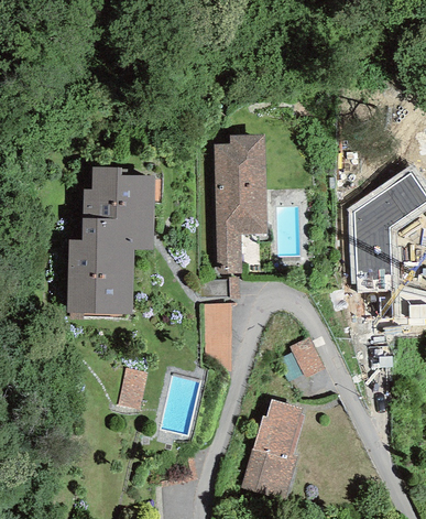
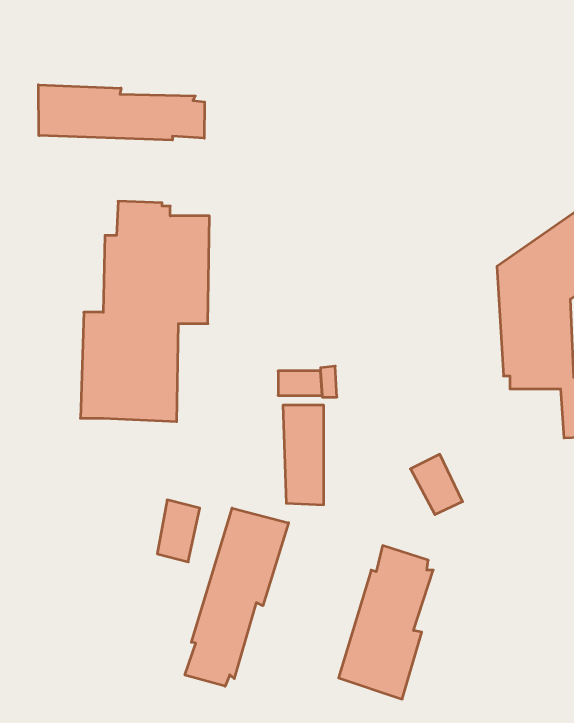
building: none -> [38,85,205,140]
building: [215,134,266,273] -> none
building: none -> [185,508,289,686]

